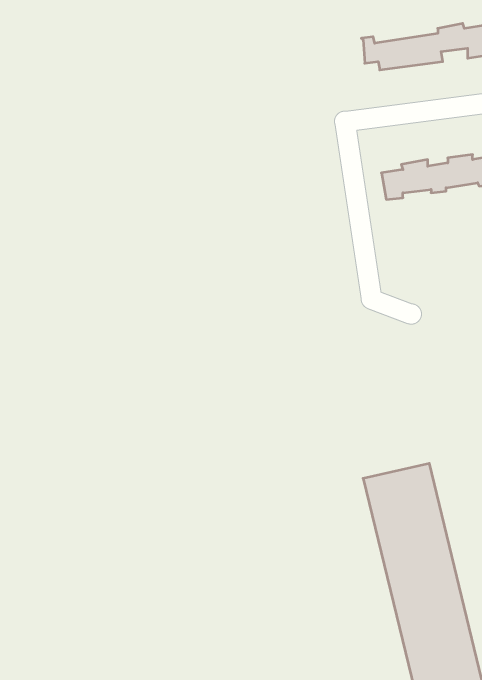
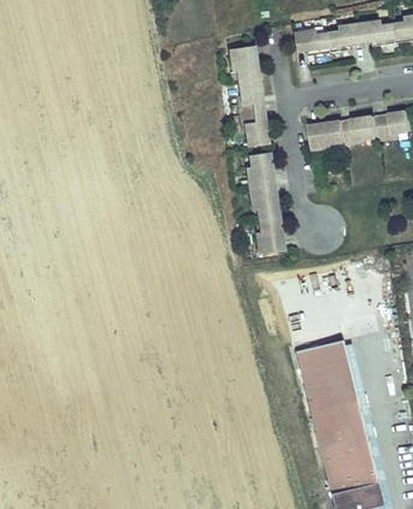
building: none -> [229,39,269,146]
building: none -> [248,150,281,251]

